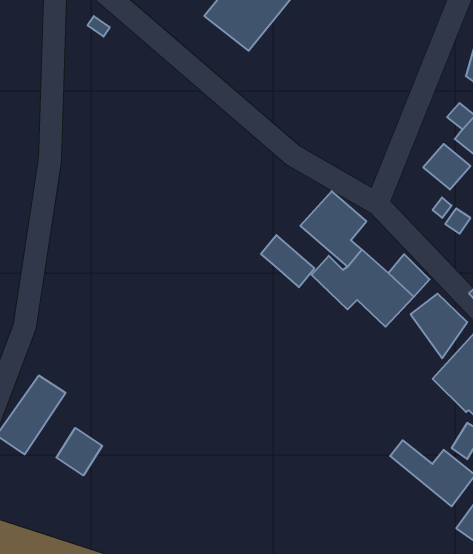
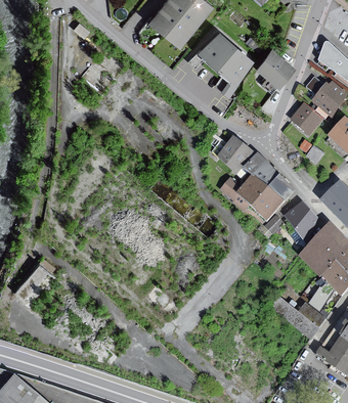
building: none -> [188,29,251,96]
building: none -> [256,48,293,85]
building: [261,235,314,287] -> [245,153,279,187]
building: [56,428,102,475] -> none

